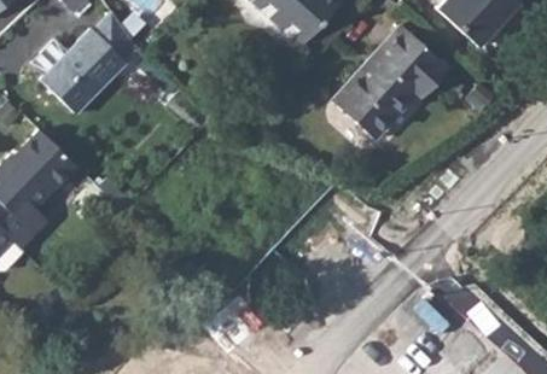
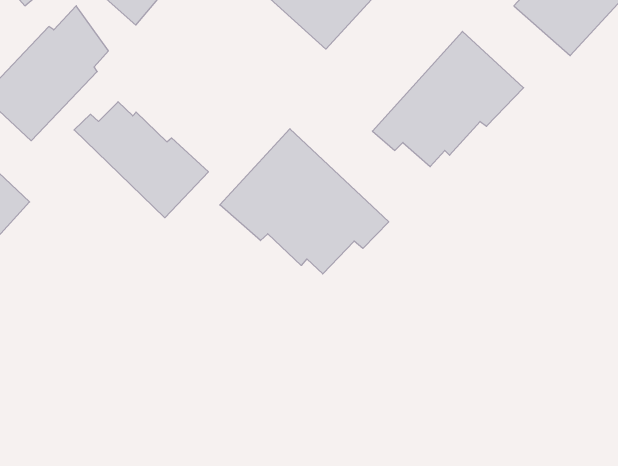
building: none -> [74,102,208,218]
building: none -> [220,129,389,274]

